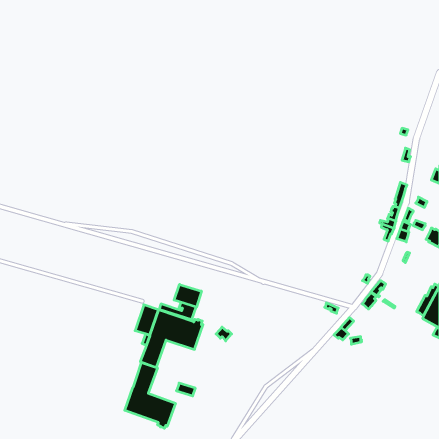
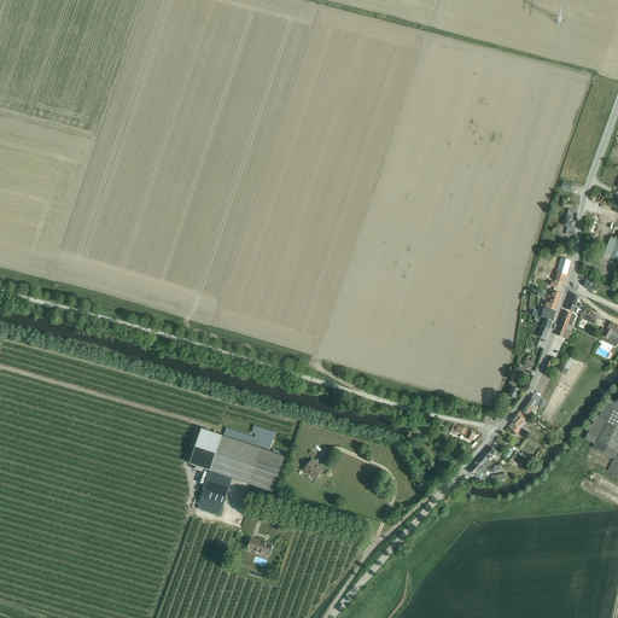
building: [174,284,201,307] -> none
building: [125,363,175,428] -> none

